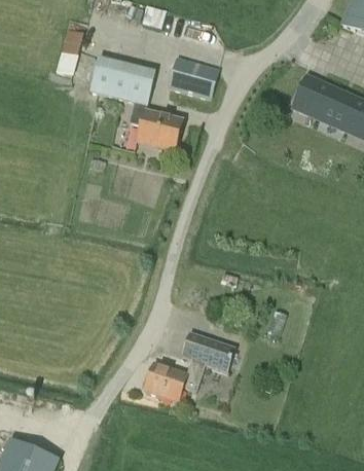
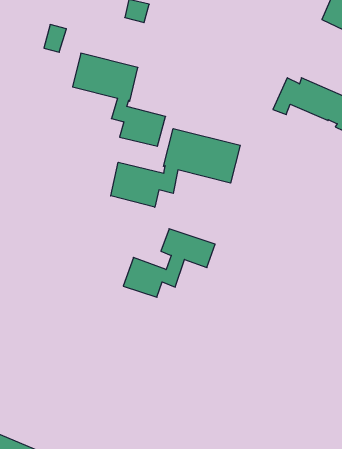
building: [168,57,219,97] -> none
building: none -> [111,129,240,207]
building: [143,332,235,401] -> [123,229,215,297]

